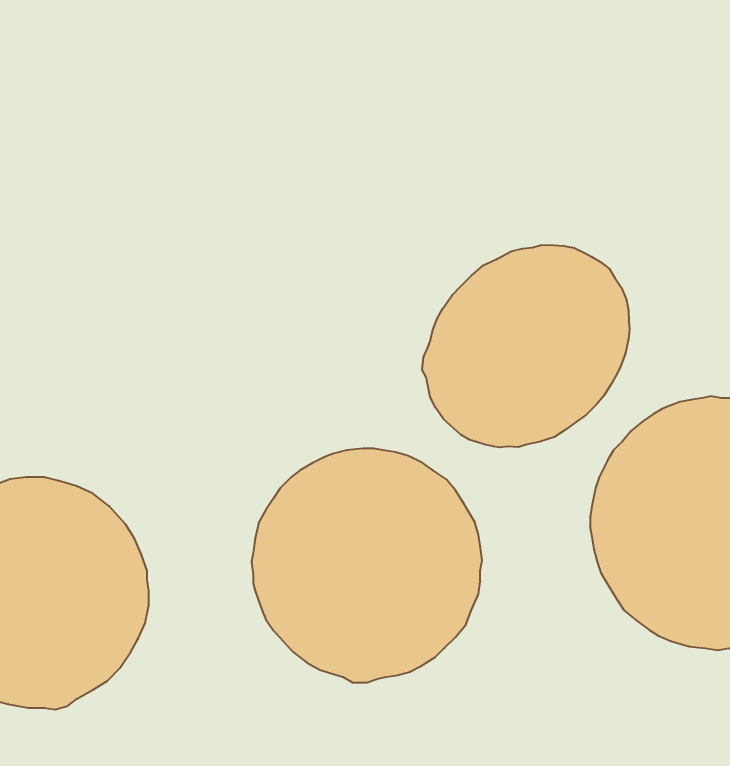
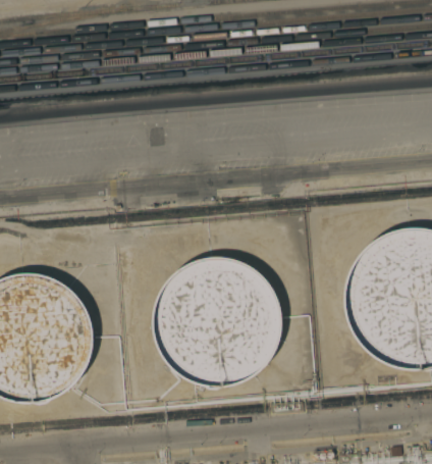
building: [422,245,630,447] -> none

